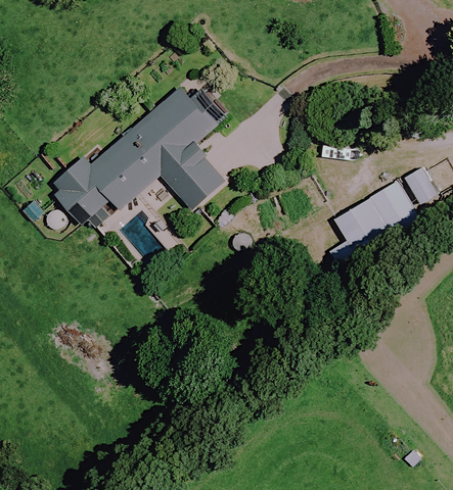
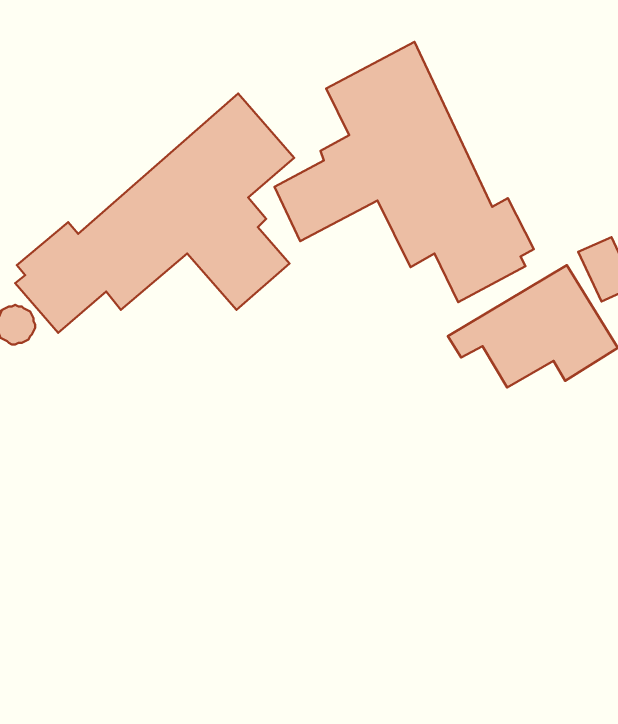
building: none -> [275,42,534,302]

